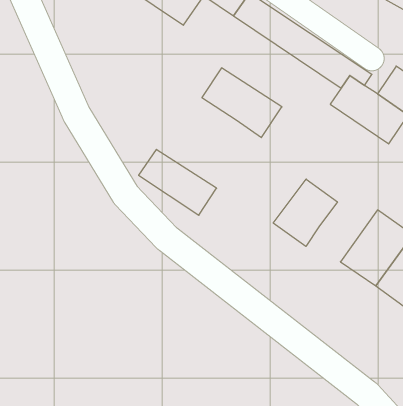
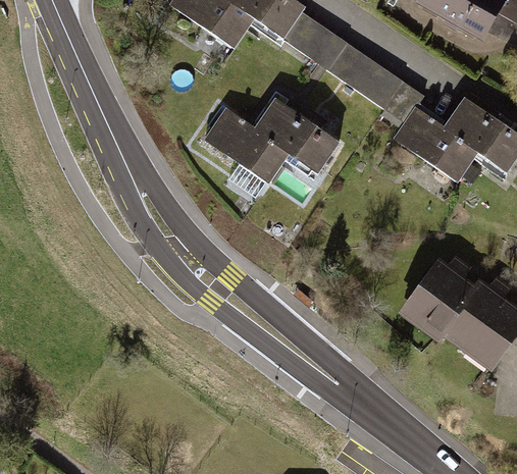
building: [139,149,217,215] -> [204,112,290,185]
building: [273,179,337,246] -> none

